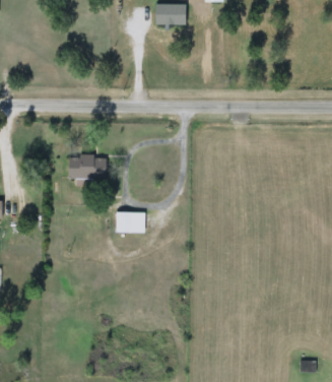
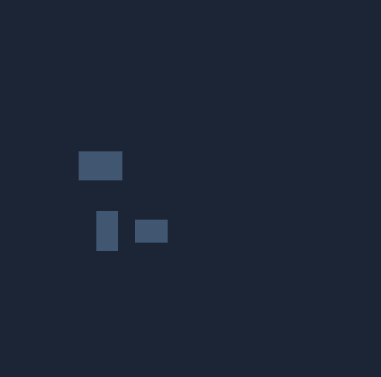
building: none -> [96,210,119,252]

